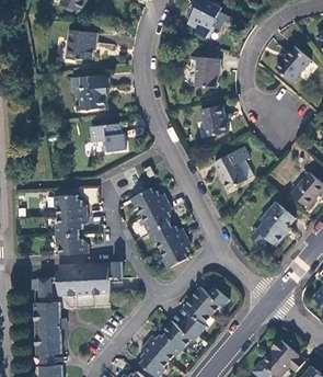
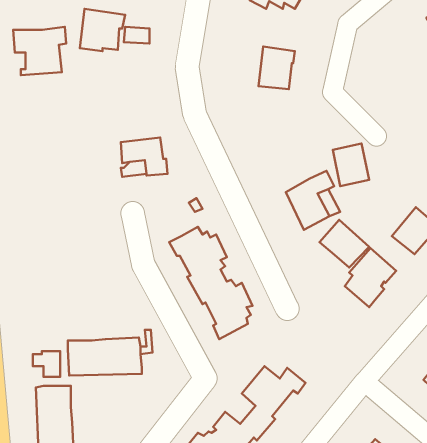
building: [276,46,310,81] -> none
building: [70,75,108,110] -> [13,27,66,75]
building: [200,105,227,136] -> [333,144,369,186]
building: none -> [320,220,369,268]
building: [54,195,88,254] -> none

